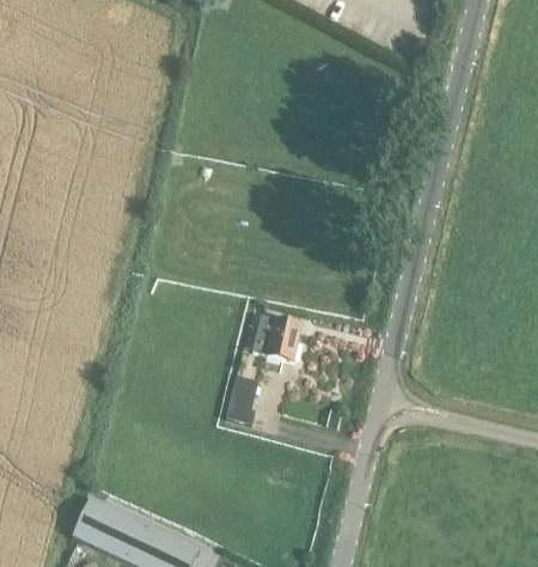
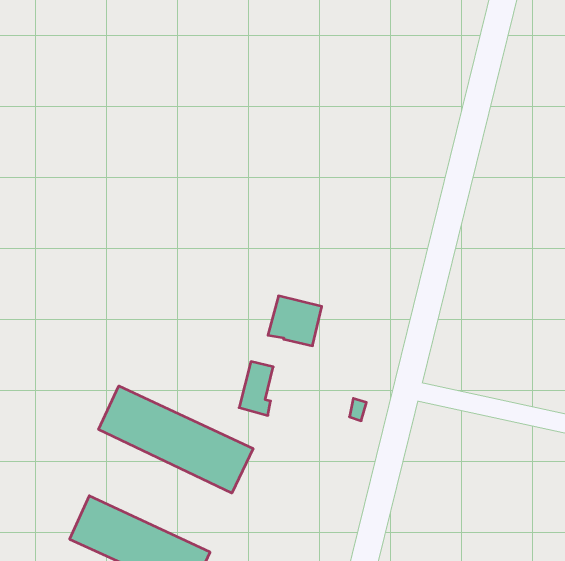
building: none -> [99,386,253,493]

